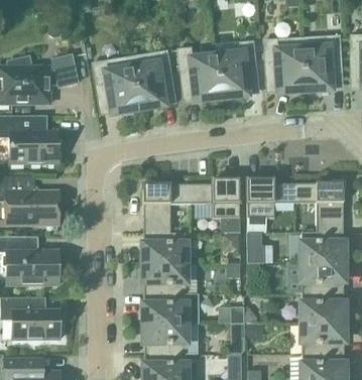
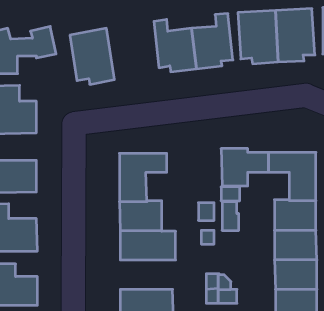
building: [130,50,175,109] -> none
building: [192,179,241,233] -> none
building: [144,293,201,324] -> none

